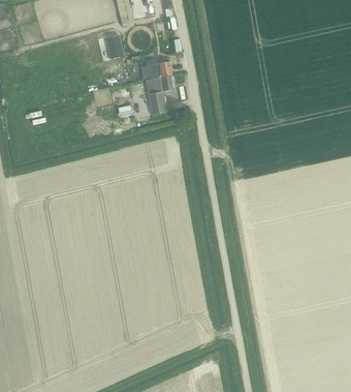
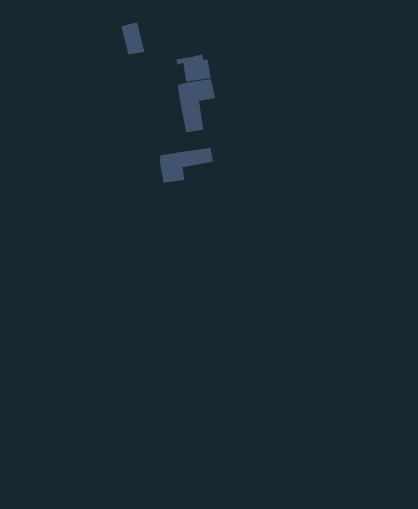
building: none -> [160,147,214,184]

